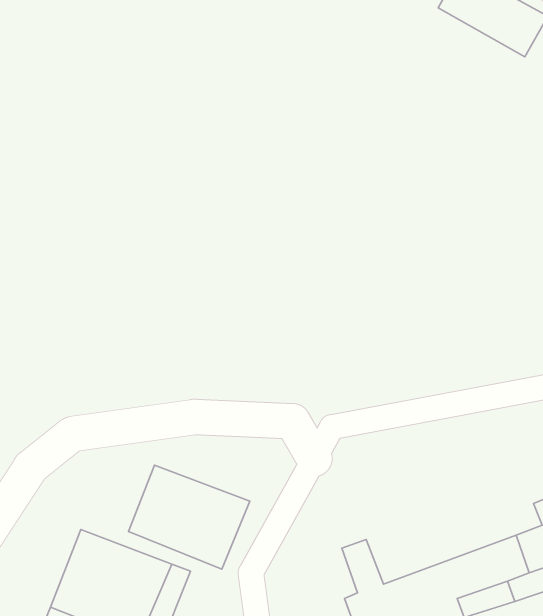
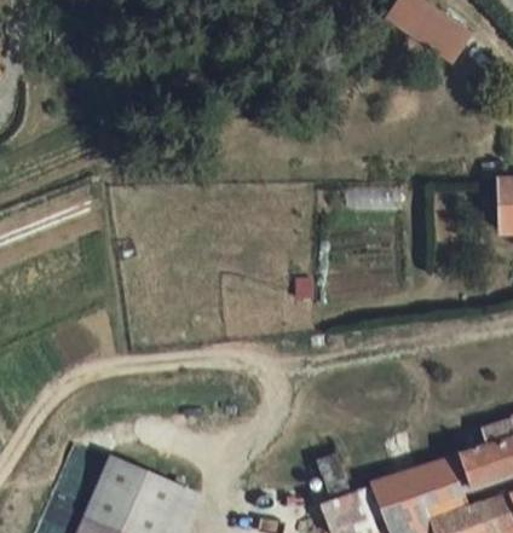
building: [128,465,250,569] -> none

